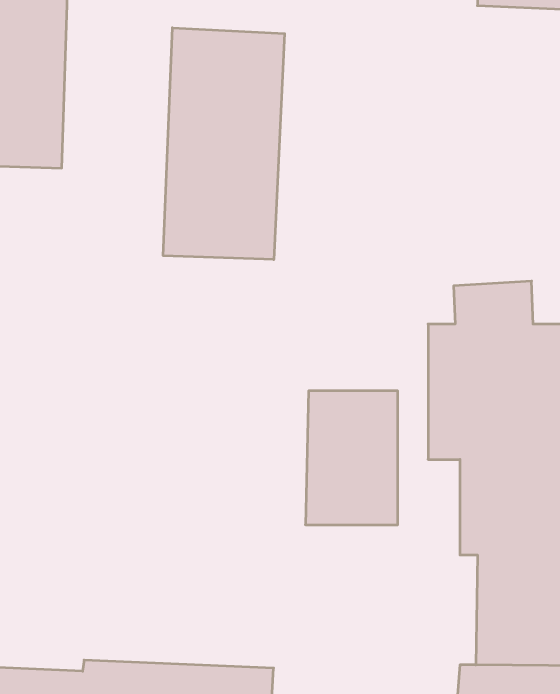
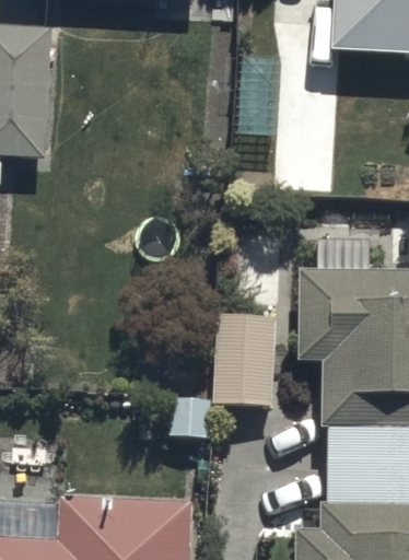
building: [163,28,285,260] -> none

